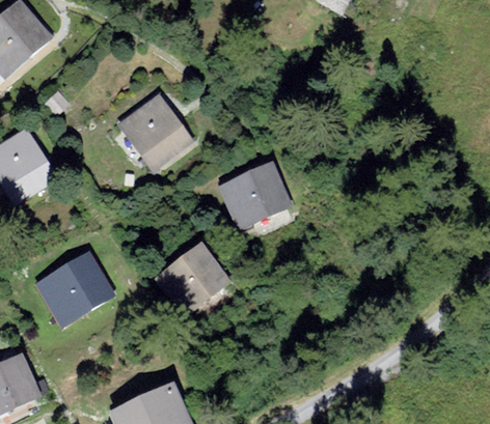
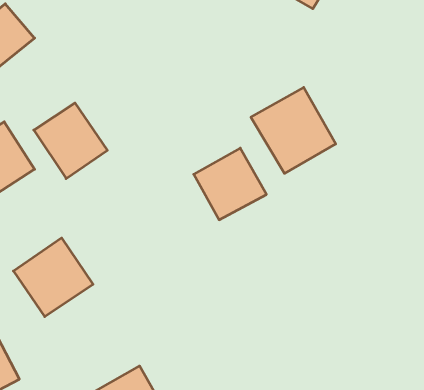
building: none -> [251,87,336,173]
building: [118,97,194,175] -> [34,103,107,179]
building: [154,243,227,314] -> none

